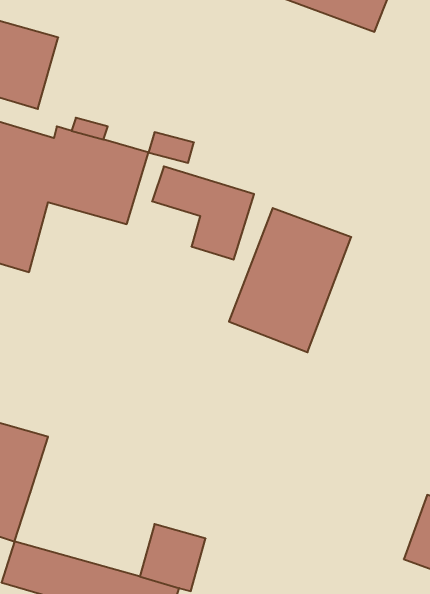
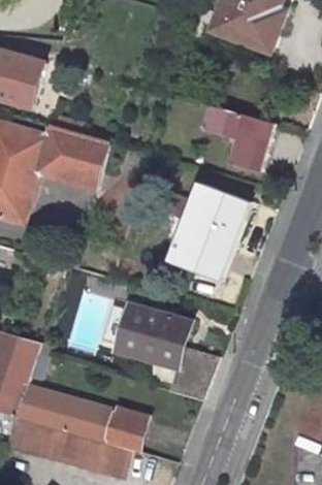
building: [152,166,254,260] -> [200,104,272,170]
building: none -> [111,300,216,399]
building: none -> [14,382,114,442]

